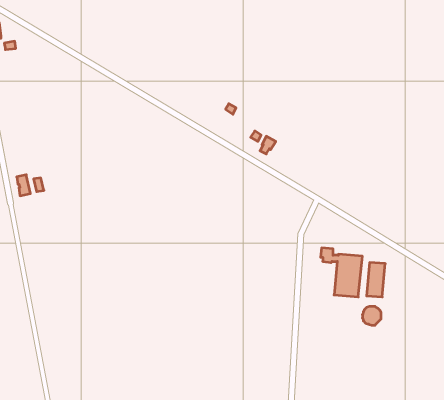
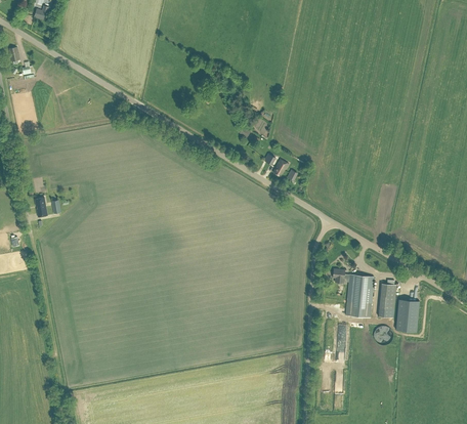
building: none -> [396,299,419,332]

